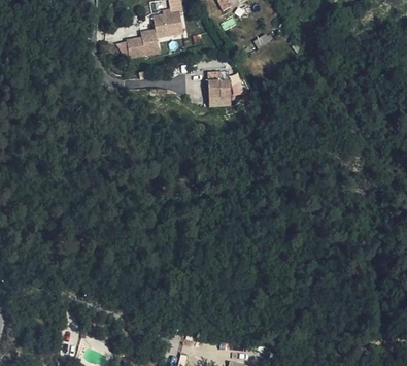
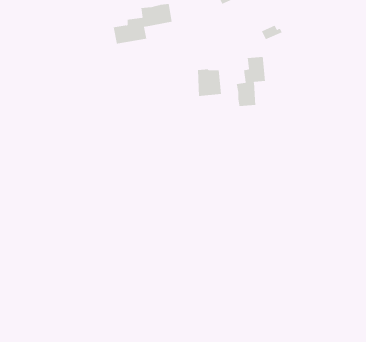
building: none -> [236,56,265,107]

